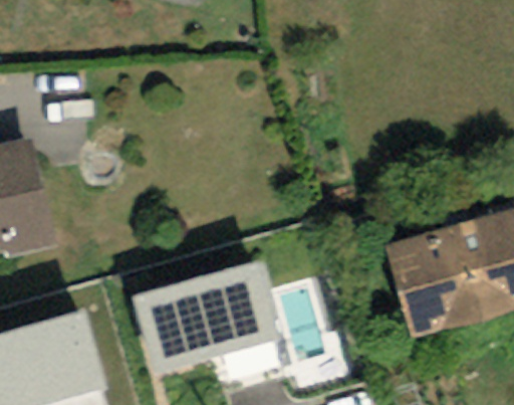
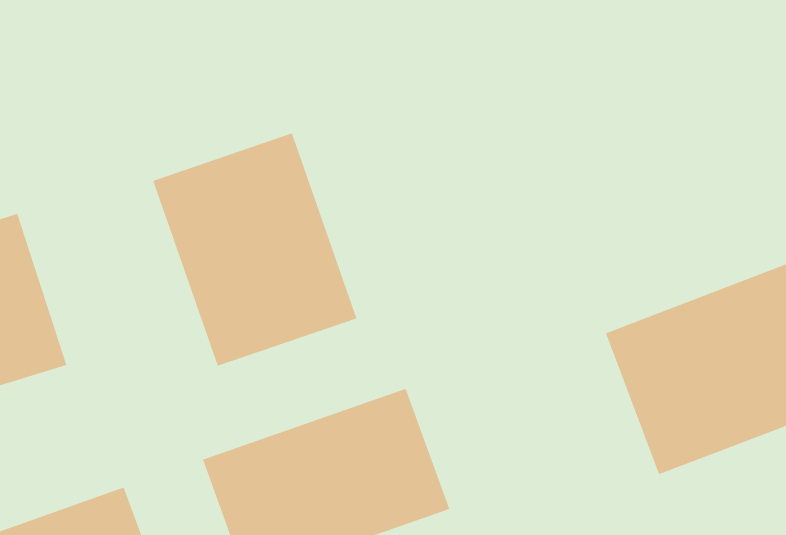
building: none -> [152,133,357,366]

